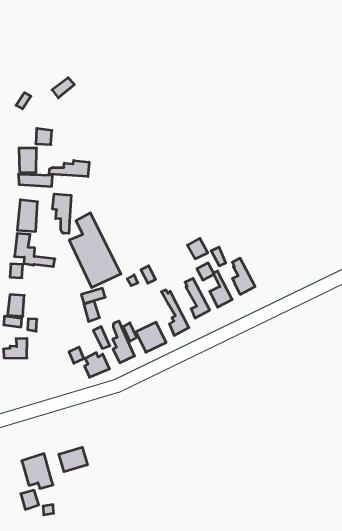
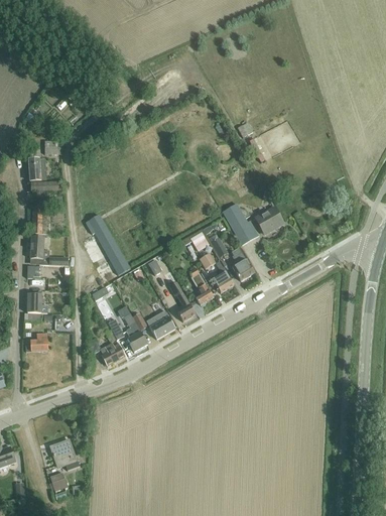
building: [49,160,89,177] -> none
building: [53,194,71,233] -> none
building: none -> [222,204,257,244]
building: none -> [254,207,282,232]
building: [59,447,87,472] -> none

